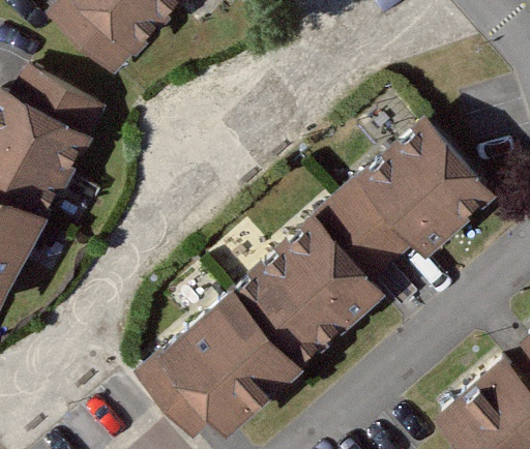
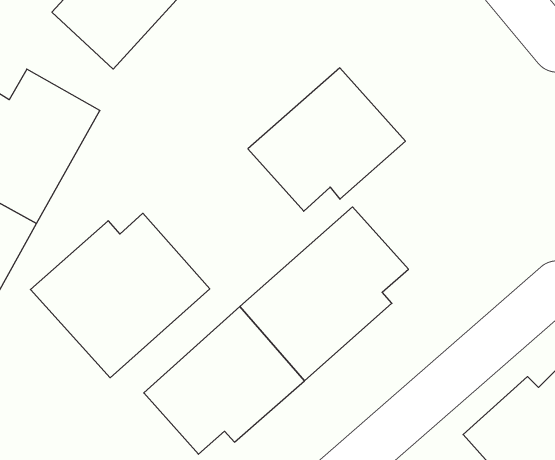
building: [336,125,485,261] -> [248,68,405,211]
building: none -> [30,213,210,378]

